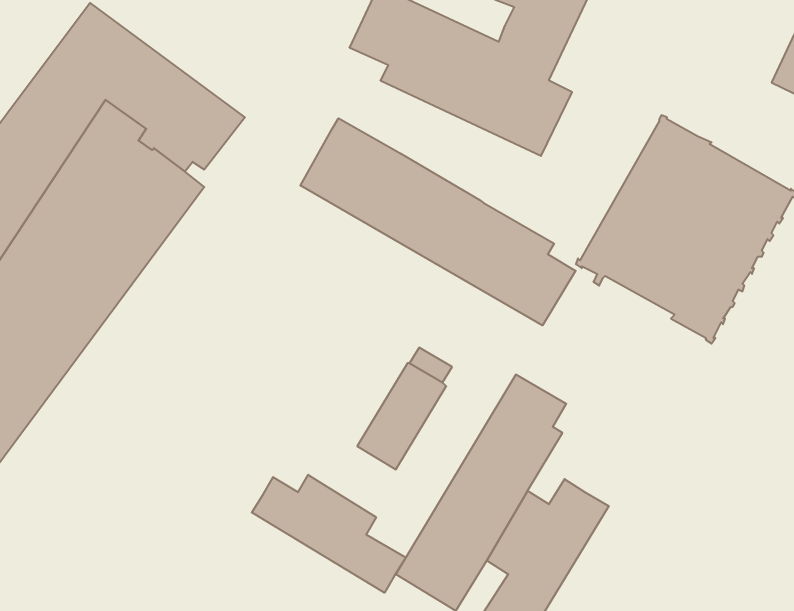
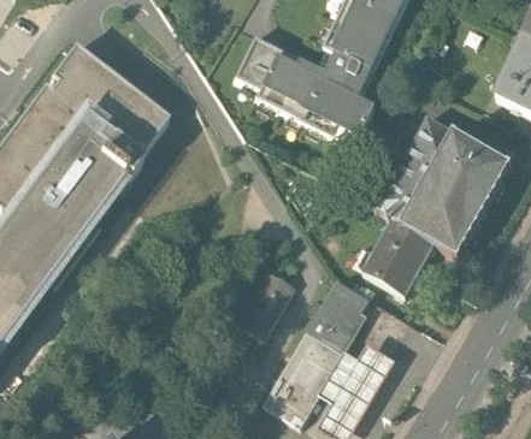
building: [300,118,576,325] -> none
building: none -> [362,216,436,295]
building: [252,475,406,593] -> none

